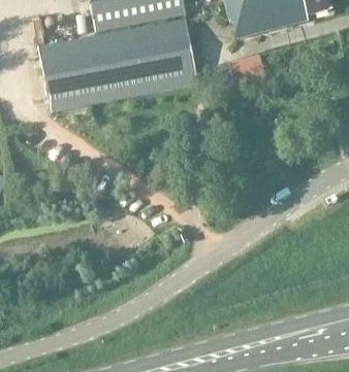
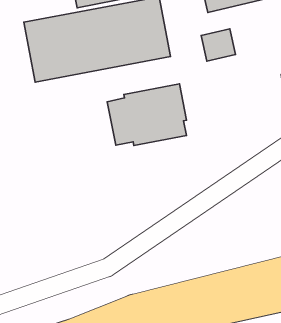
building: none -> [107,84,187,145]

